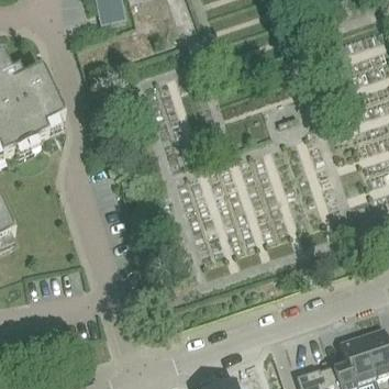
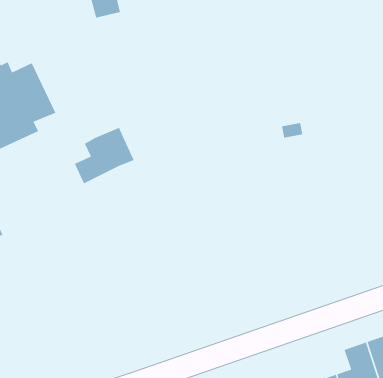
building: none -> [74,127,135,184]

